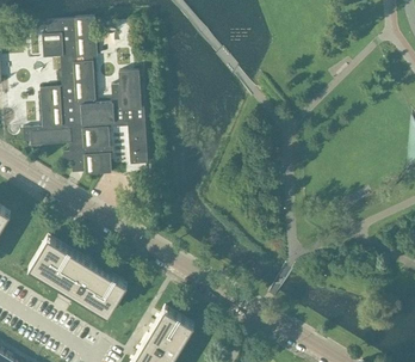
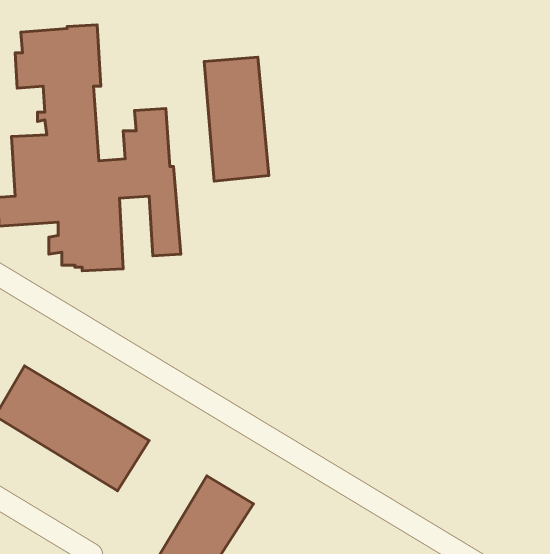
building: none -> [204,57,269,181]

